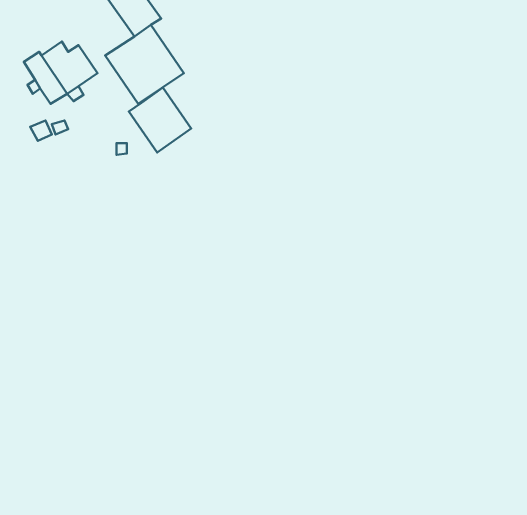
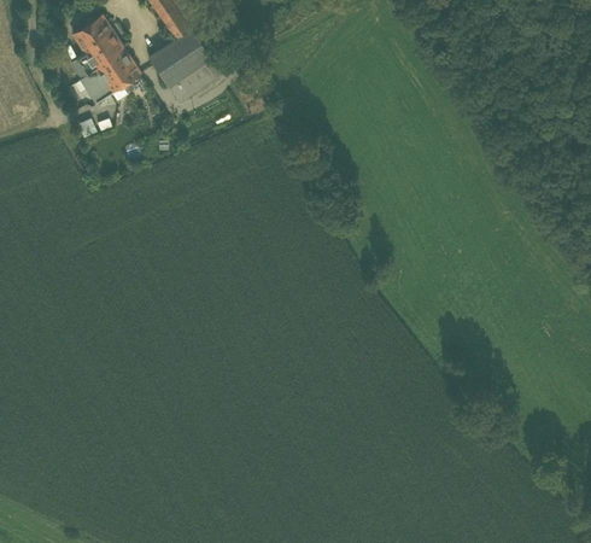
building: none -> [71,13,122,56]
building: [129,87,191,153] -> none

